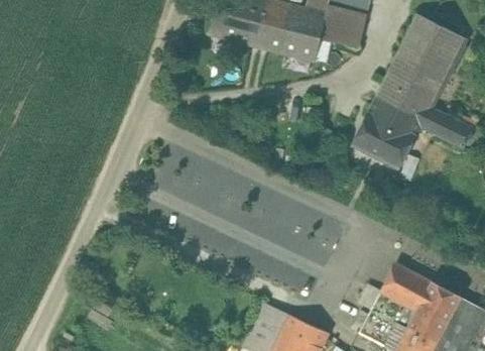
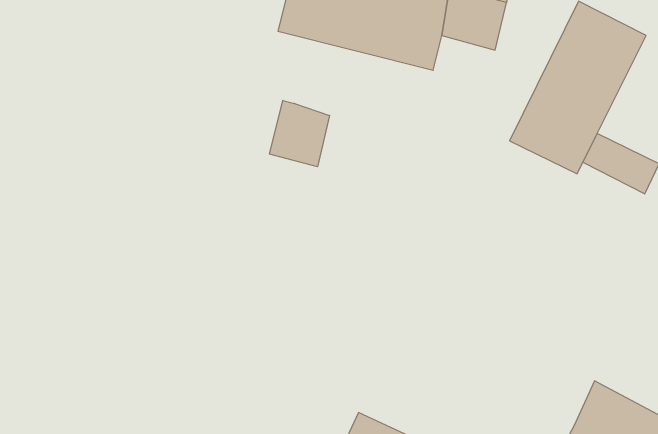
building: none -> [270,100,329,167]
building: [352,112,416,168] -> none
building: [380,263,429,312] -> none

